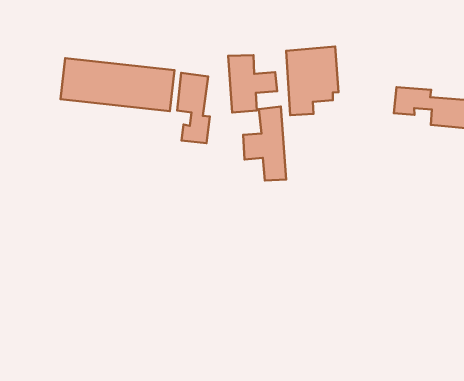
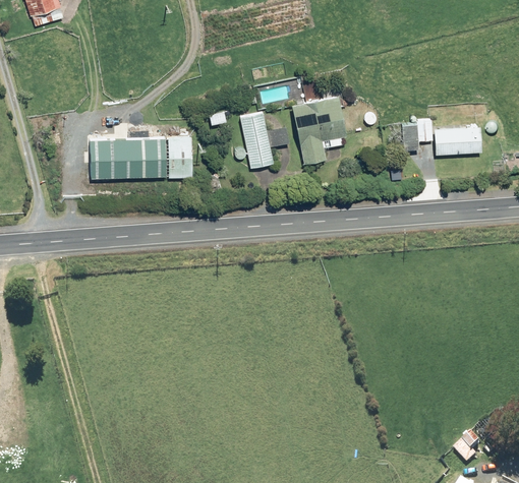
building: [177,73,210,143] -> none
building: [243,106,286,181] -> none

